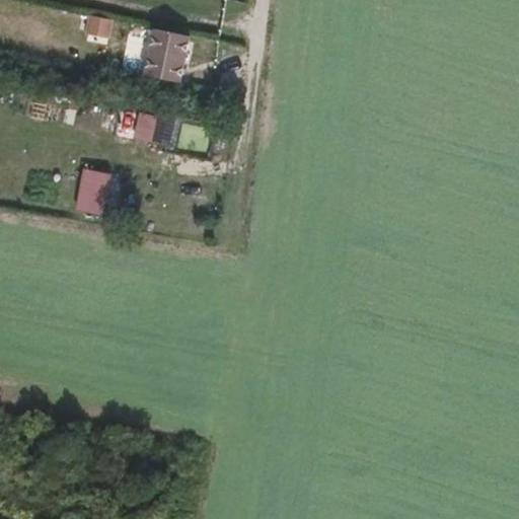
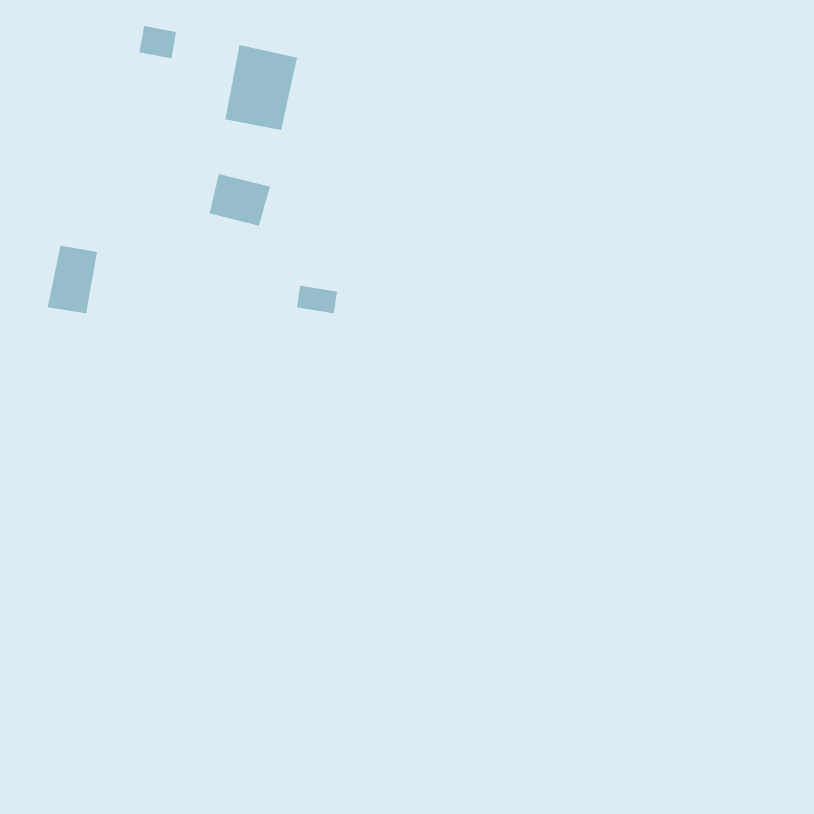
building: [75,170,107,214] -> [47,245,98,314]

